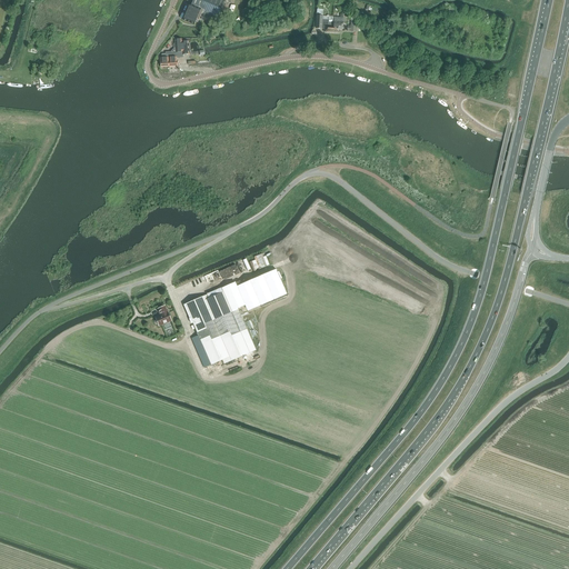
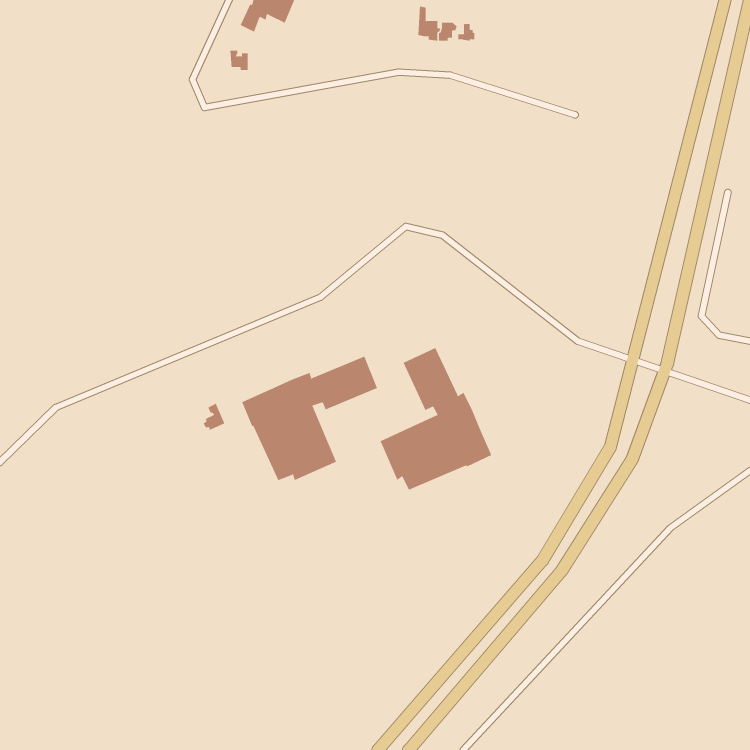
building: none -> [380,347,492,491]

